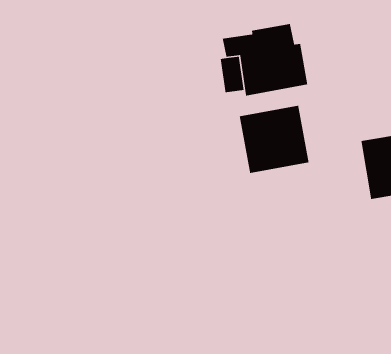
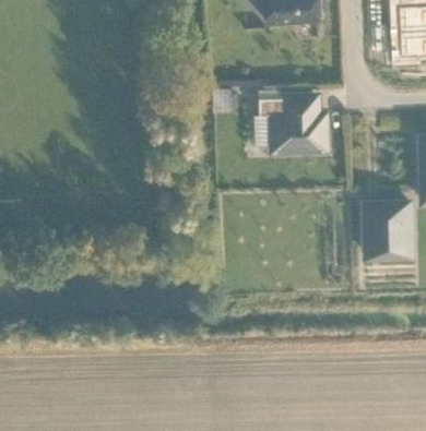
building: [239,105,309,174] -> none

